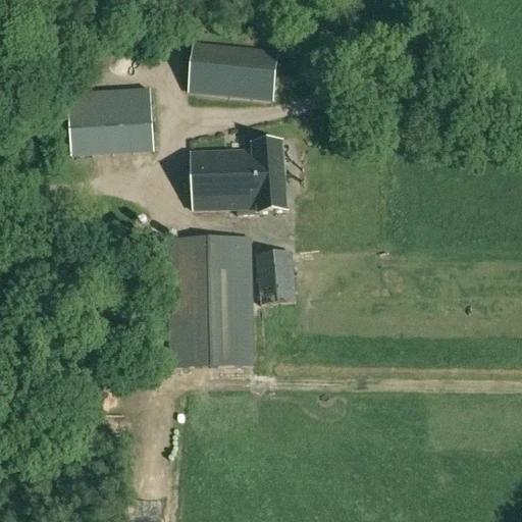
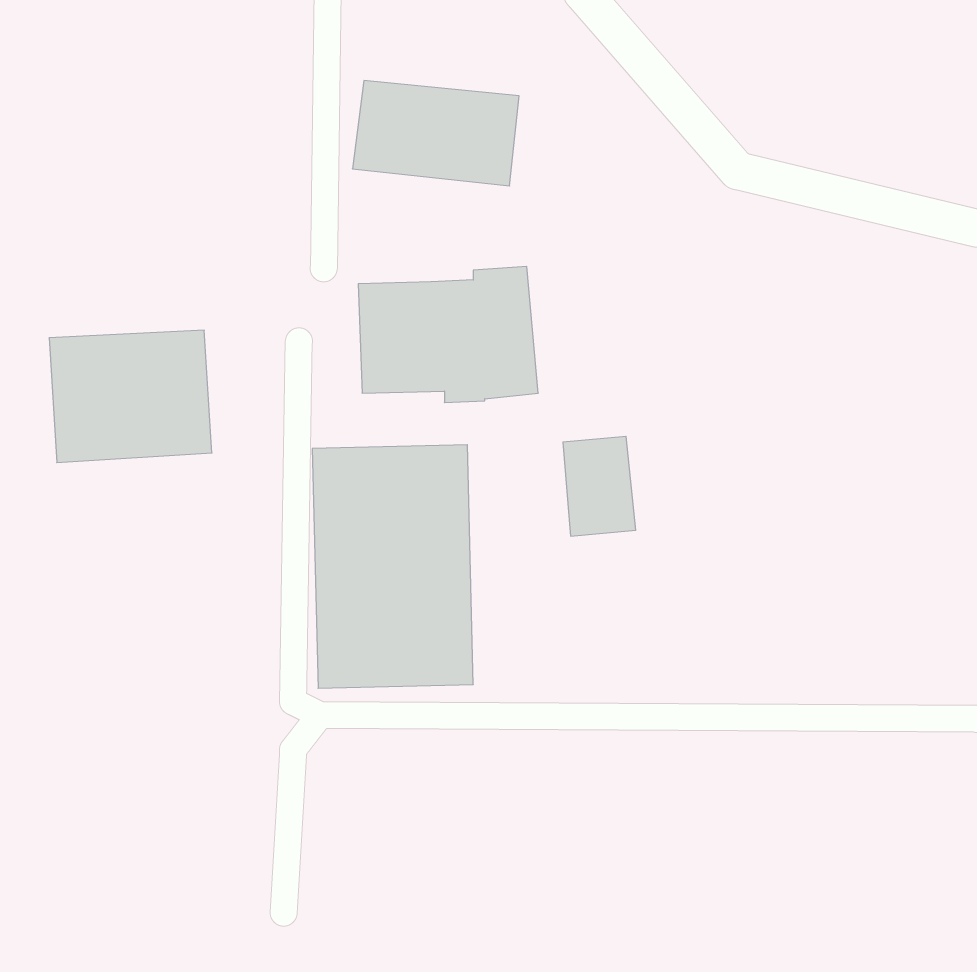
building: [72,86,159,156] -> [49,330,212,463]
building: [256,251,295,304] -> [563,436,636,536]

